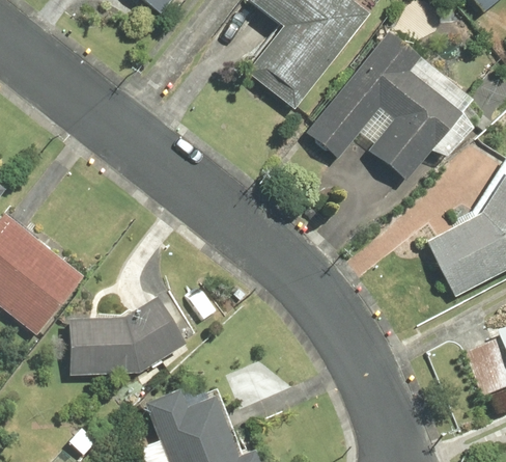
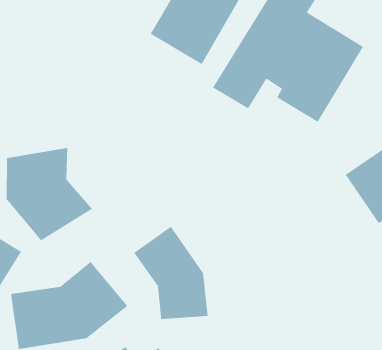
building: none -> [6,147,93,241]
building: none -> [134,226,208,320]

